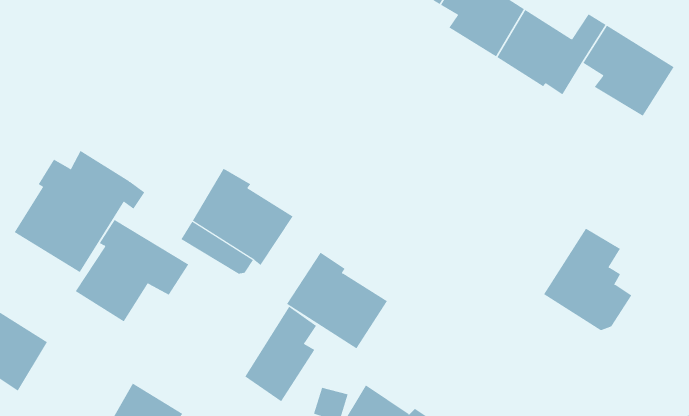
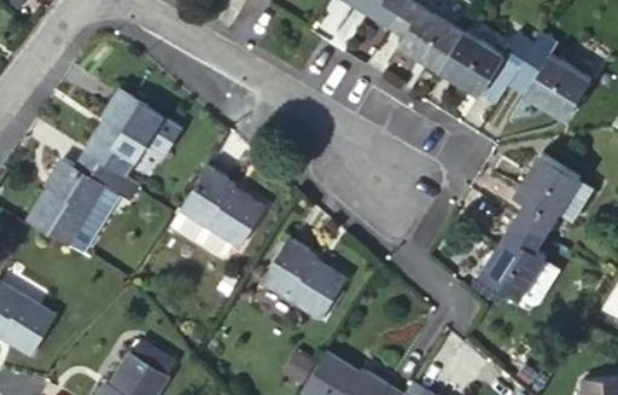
building: none -> [513,152,581,234]
building: [75,219,189,322] -> [83,88,181,176]
building: [245,306,317,402] -> none

